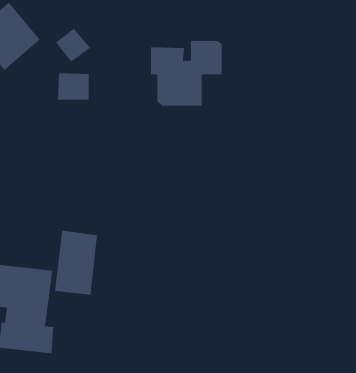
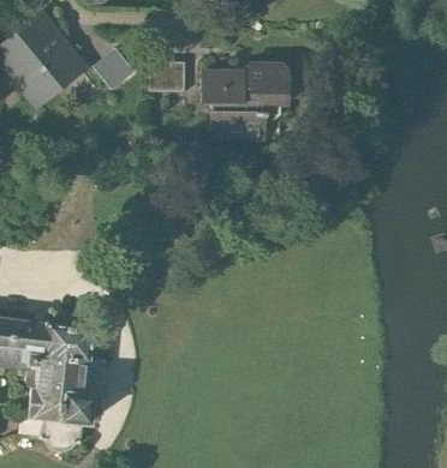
building: [57,73,90,100] -> [148,61,185,92]
building: [54,230,98,296] -> none

